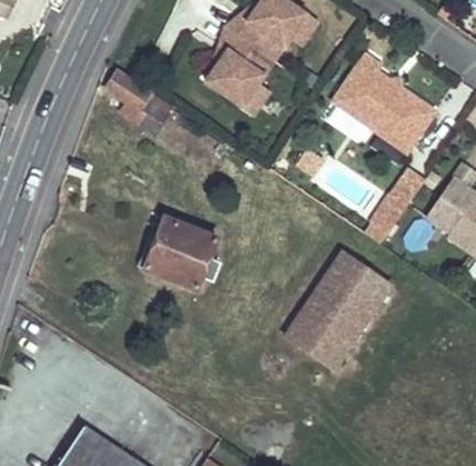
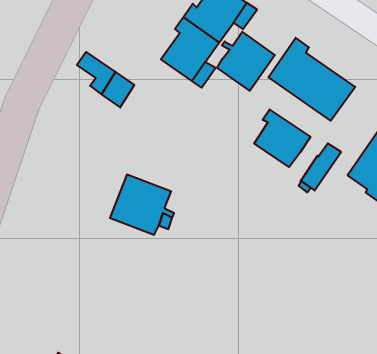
building: none -> [217,32,275,91]
building: none -> [254,109,310,167]
building: [284,251,389,368] -> none

